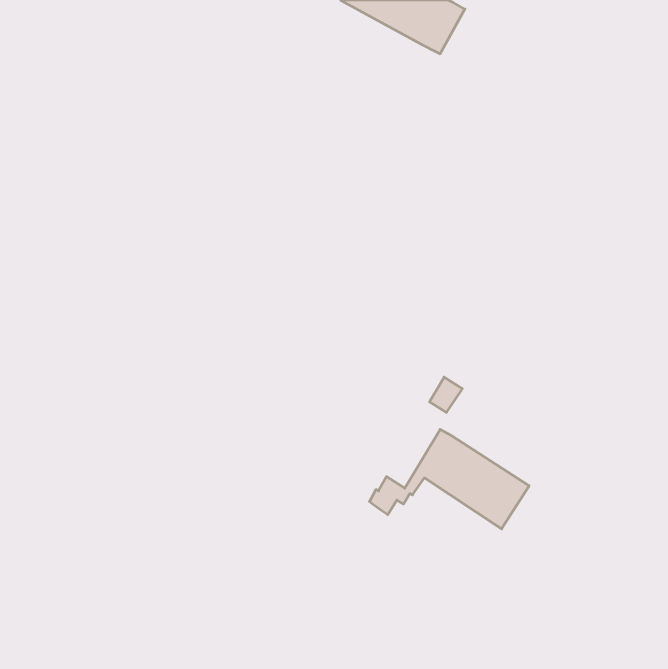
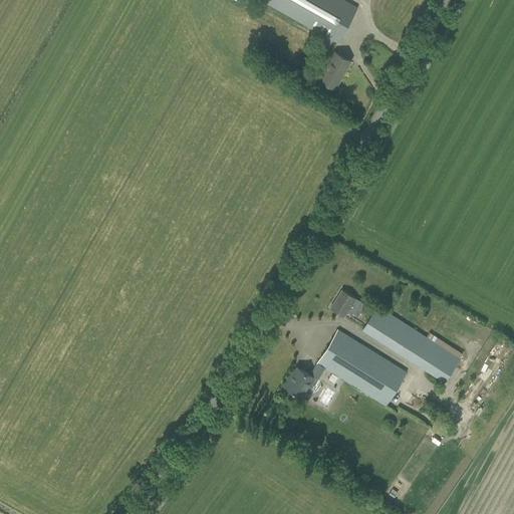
building: none -> [320,51,350,87]
building: none -> [362,306,462,382]

